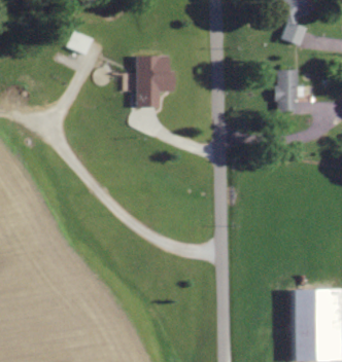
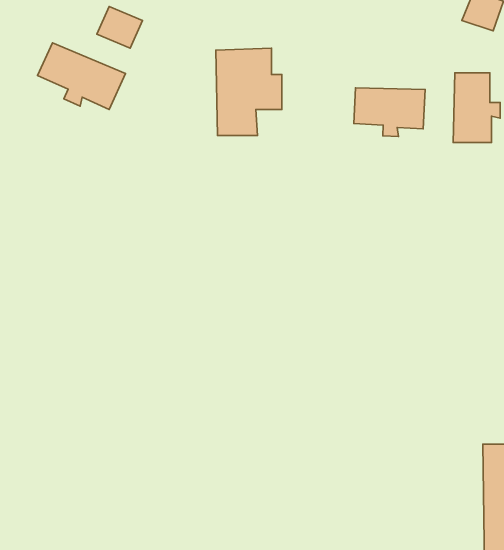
building: none -> [38,43,125,109]
building: none -> [354,88,425,137]

